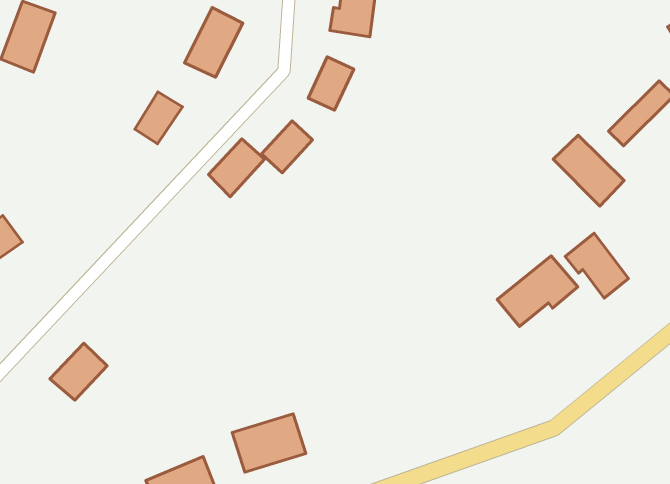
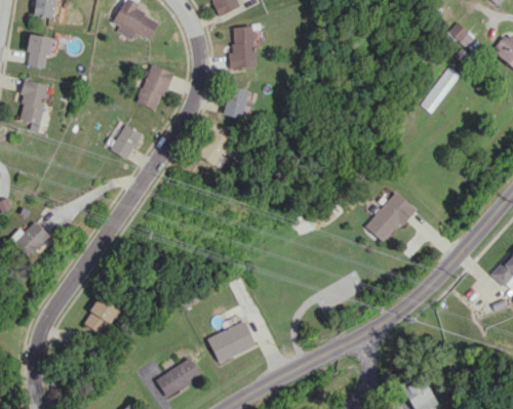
building: [553,135,624,206] -> none
building: [209,139,264,197] -> none
building: [565,233,629,298] -> none

